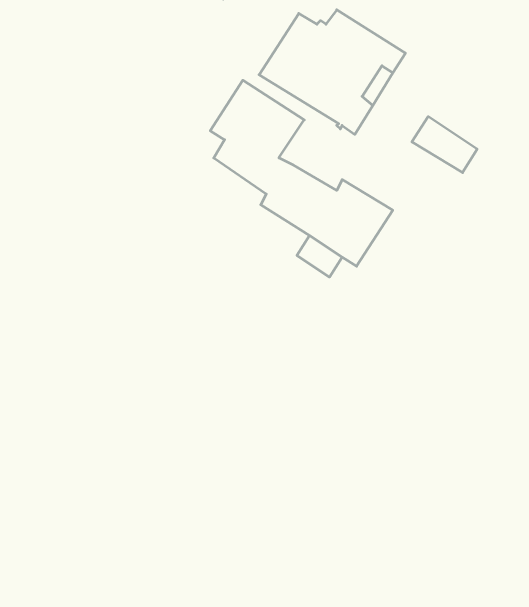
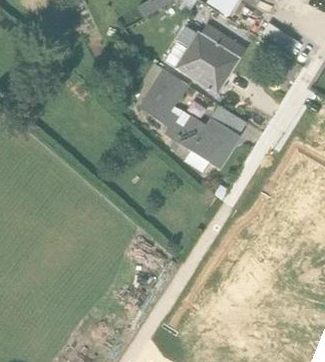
building: [412,117,477,173] -> [210,103,246,134]

